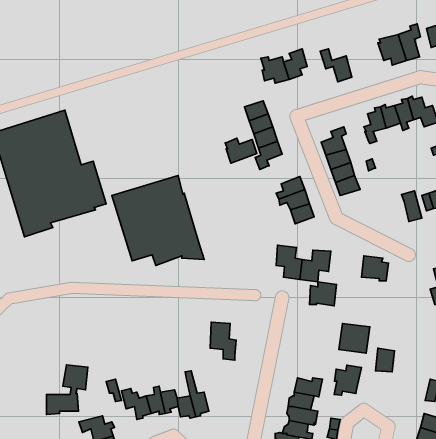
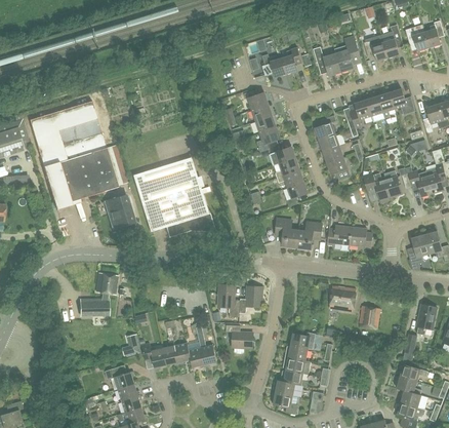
building: none -> [334,37,360,72]
building: [225,138,257,163] -> [268,145,295,166]
building: none -> [364,174,390,202]
building: none -> [107,196,132,227]
building: [309,282,337,306] -> [327,225,351,245]
building: none -> [239,285,262,313]
building: [46,365,88,415] -> [81,273,117,316]
building: [334,365,361,395] -> none
building: none -> [226,325,252,354]

